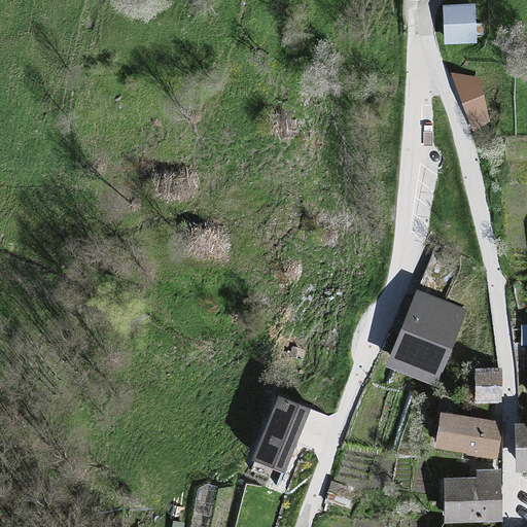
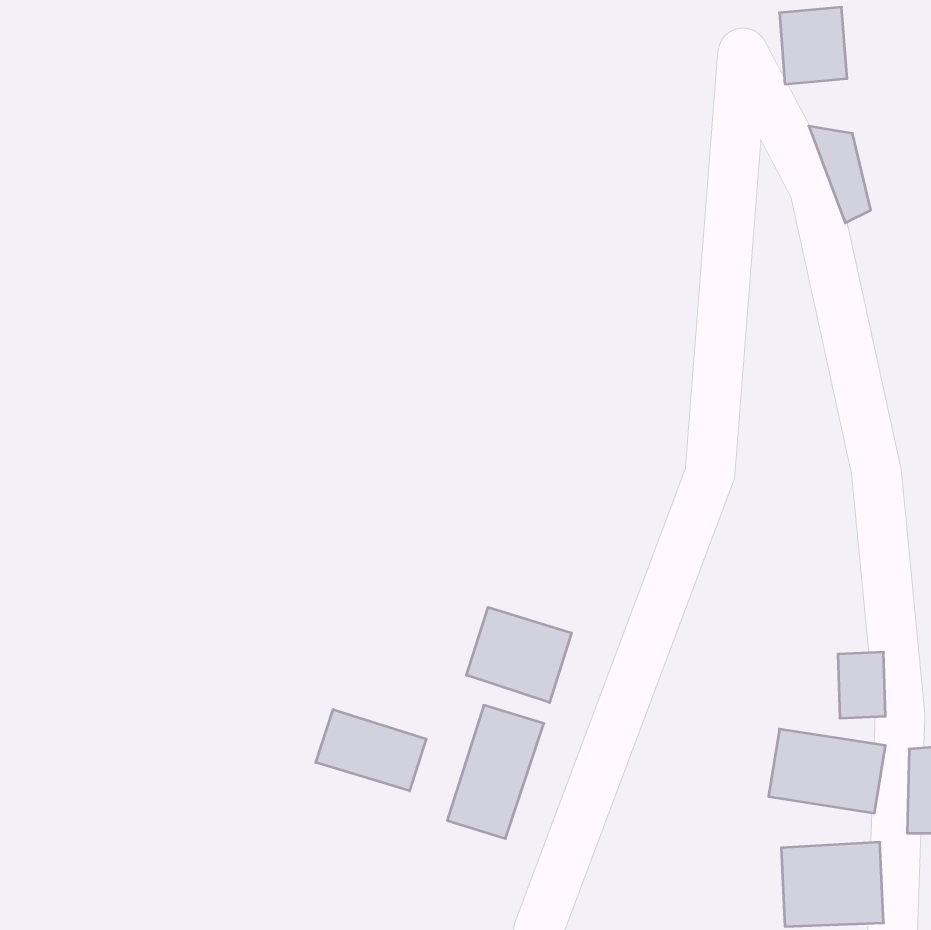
building: [386,288,467,385] -> none
building: none -> [466,607,572,703]
building: none -> [316,709,426,791]

